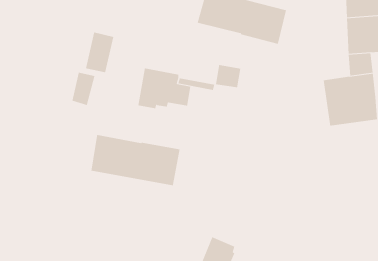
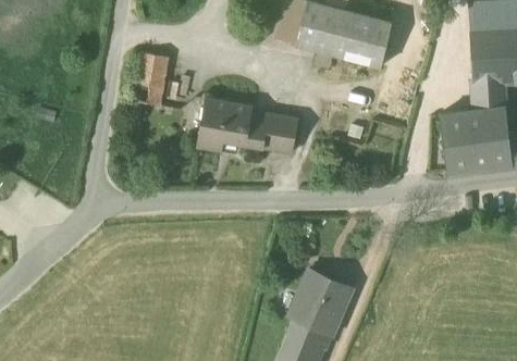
building: [215,64,241,88] -> [263,122,297,152]
building: [72,72,95,106] -> none
building: [91,134,180,186] -> none
building: none -> [290,271,354,341]

